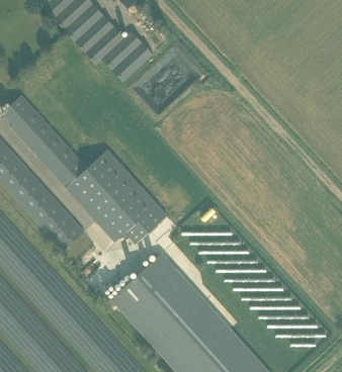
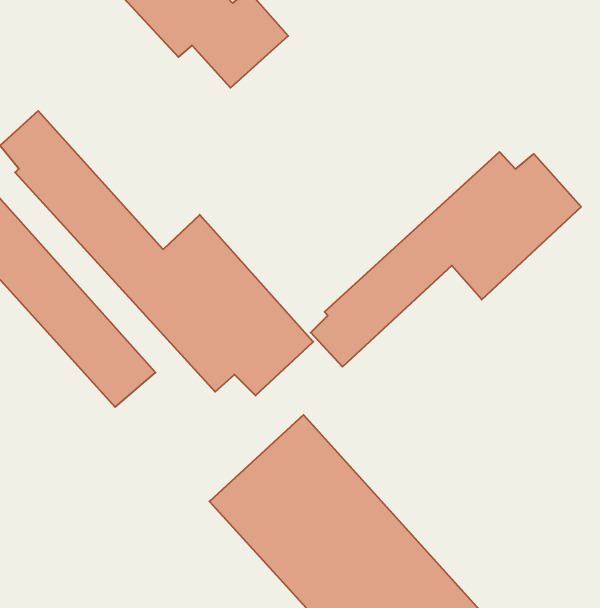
building: none -> [311,152,581,367]

